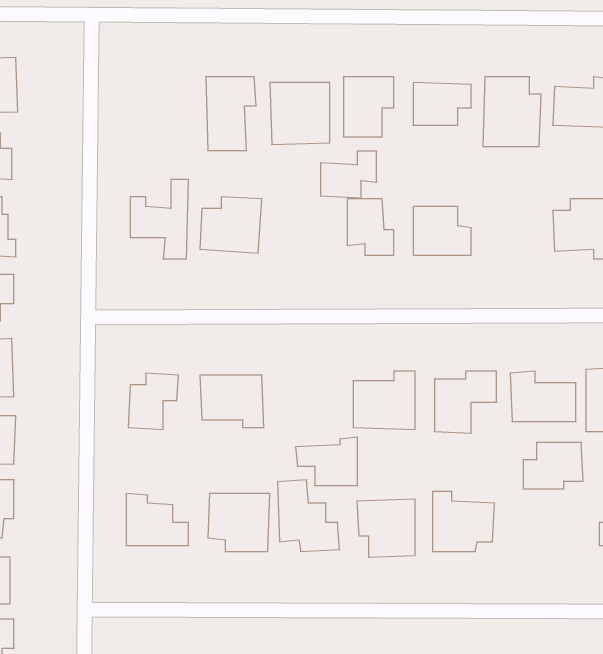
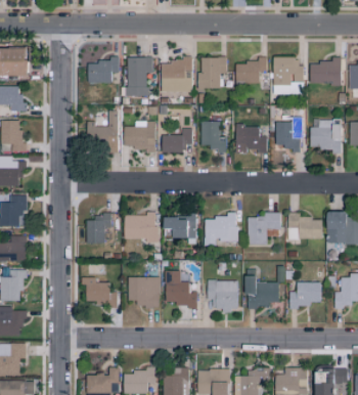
building: none -> [88,57,120,83]
building: [320,151,377,198] -> [163,129,192,153]
building: none -> [276,122,301,151]
building: [295,437,357,486] -> [164,213,196,238]
building: [523,442,583,489] -> [289,282,321,307]

